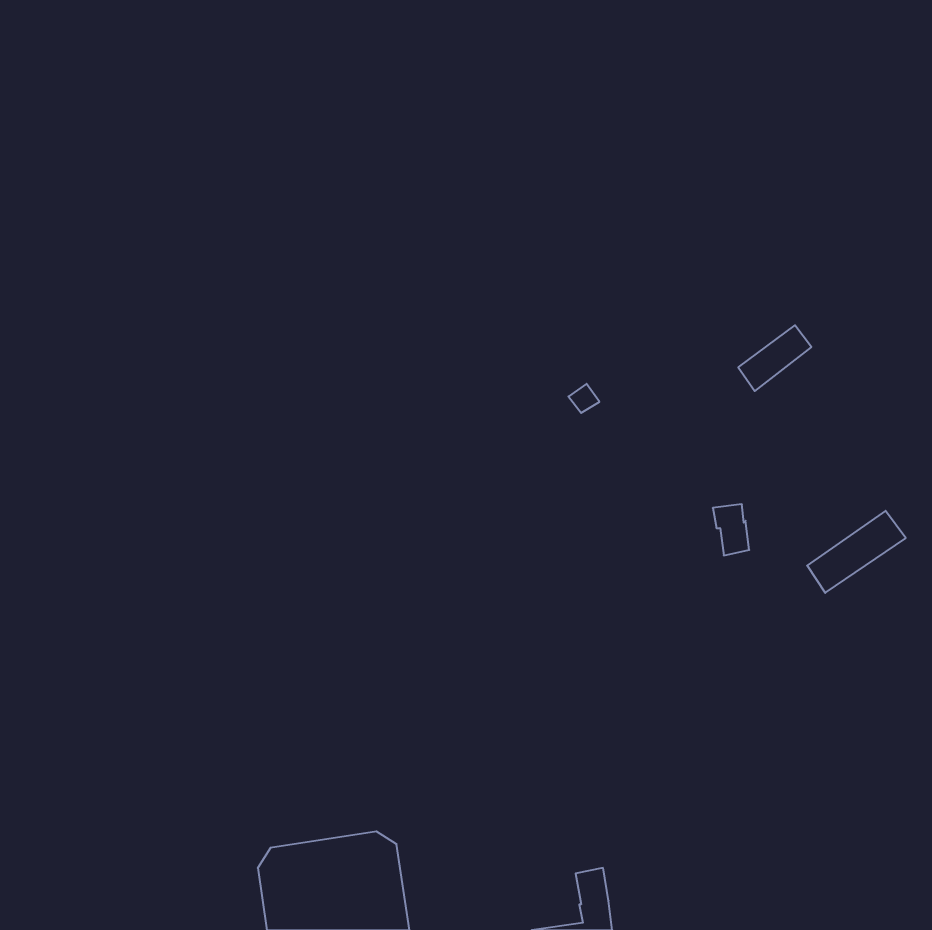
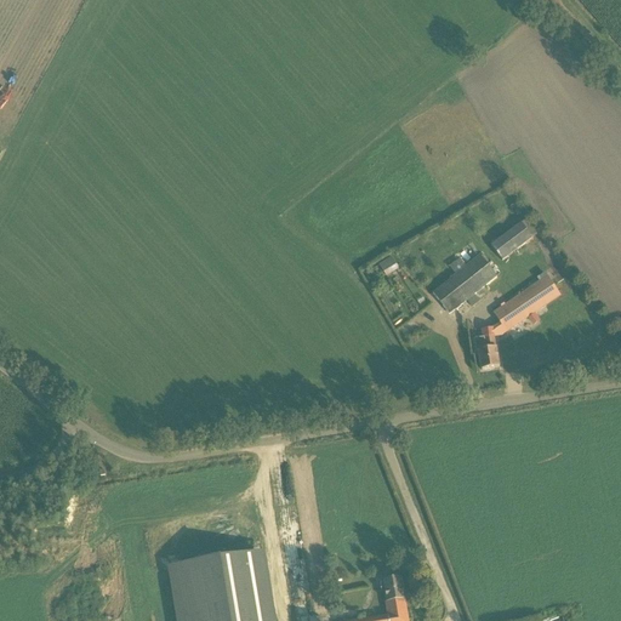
building: none -> [432,253,495,313]
building: [807,511,906,593] -> [494,275,559,330]

